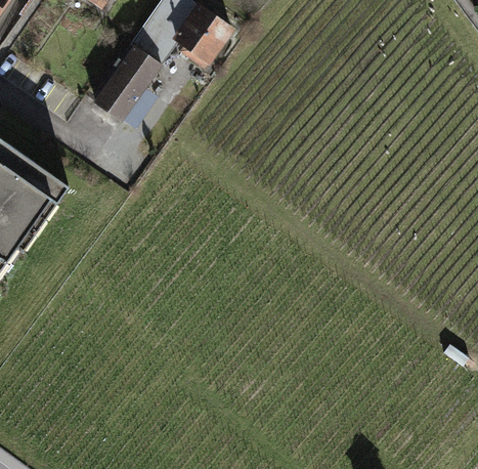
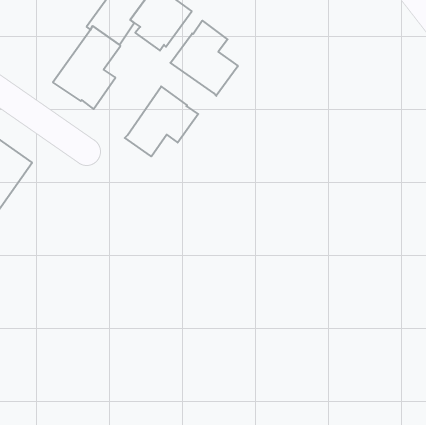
building: none -> [170,21,238,96]
building: none -> [125,86,198,156]

